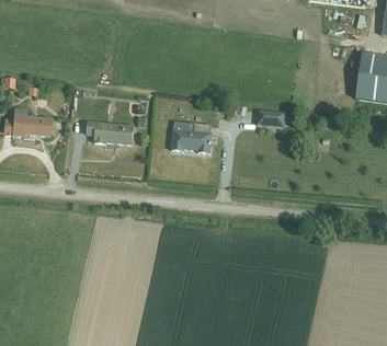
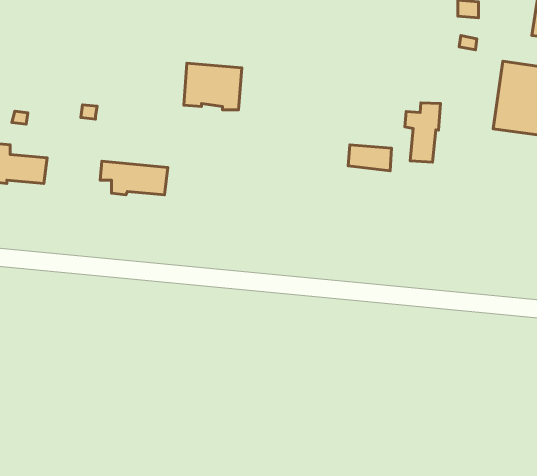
building: none -> [405,103,441,162]
building: [171,120,210,152] -> [184,63,242,110]

